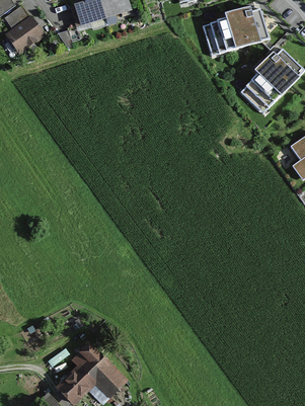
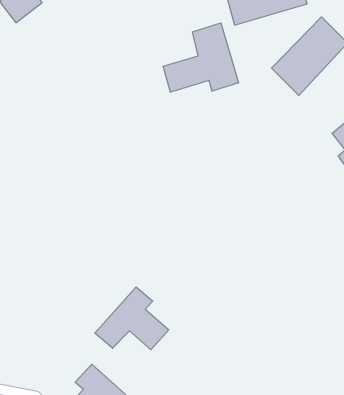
building: none -> [163,23,239,92]
building: none -> [95,287,169,350]

